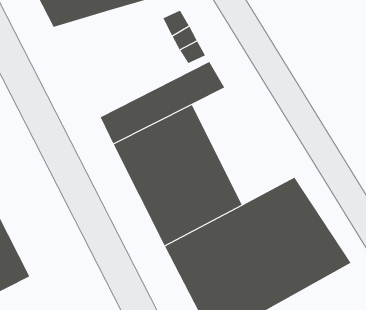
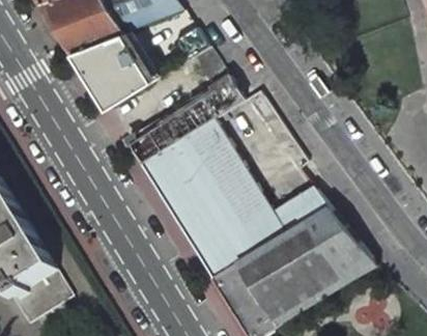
building: none -> [74,35,154,109]

